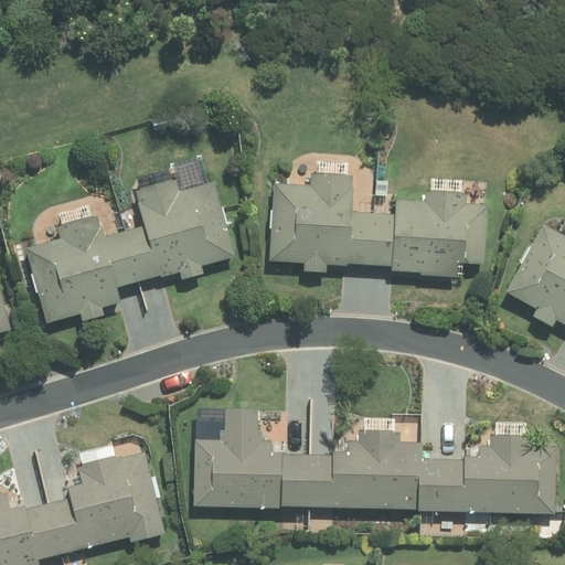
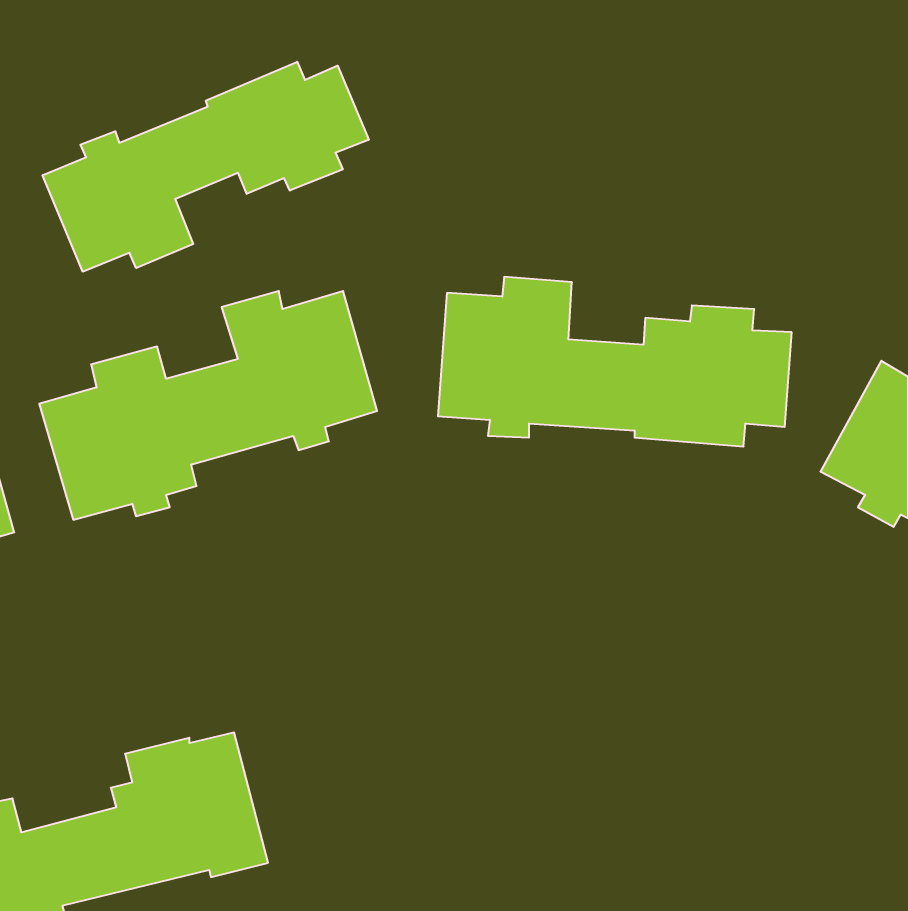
building: none -> [43,62,369,272]
building: [193,409,552,513] -> none

